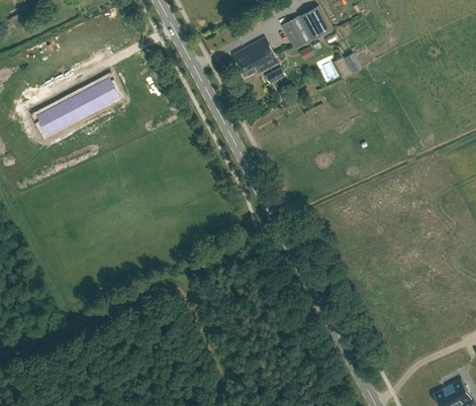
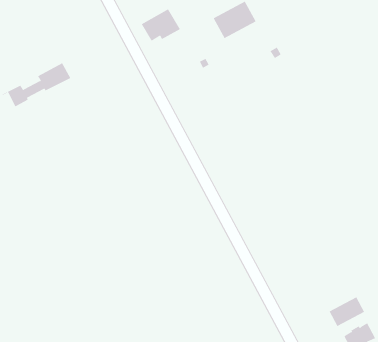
building: [231,37,278,76] -> [141,8,181,41]
building: none -> [329,296,365,327]

